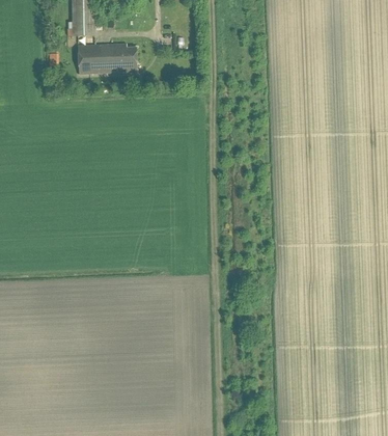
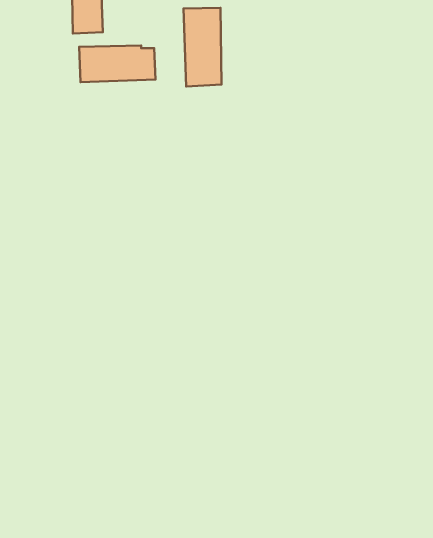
building: none -> [183,8,222,86]

